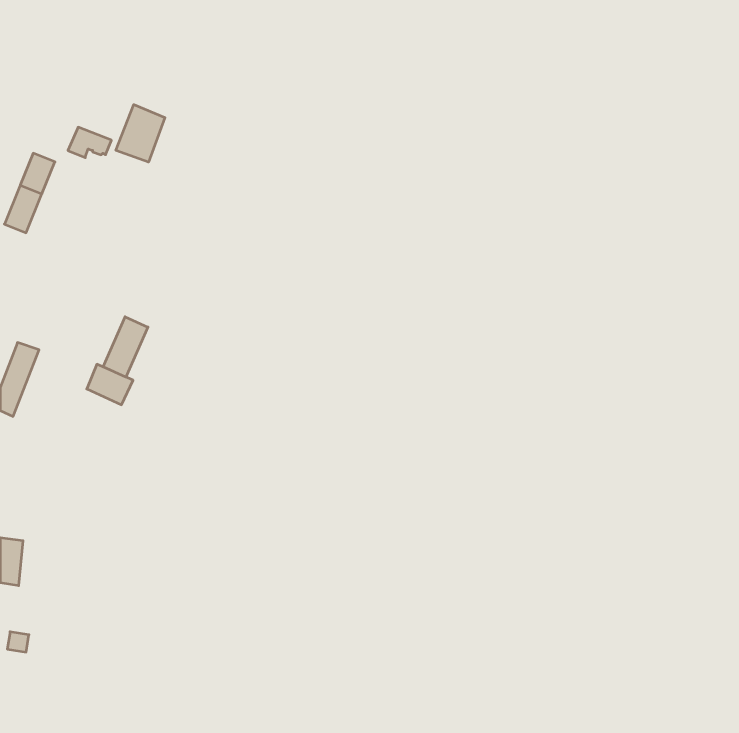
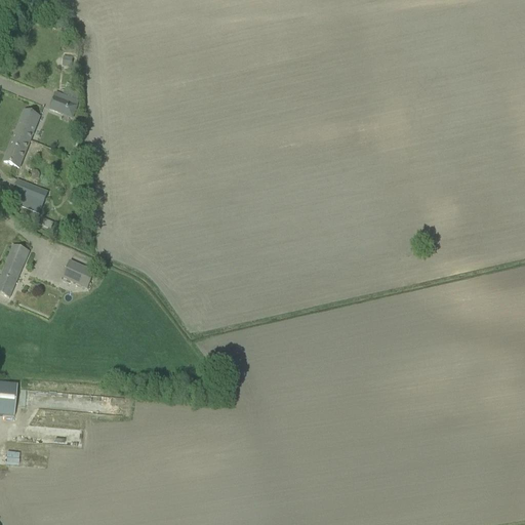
building: [116,105,165,162] -> none
building: none -> [10,176,47,210]
building: [103,317,148,377] -> none

